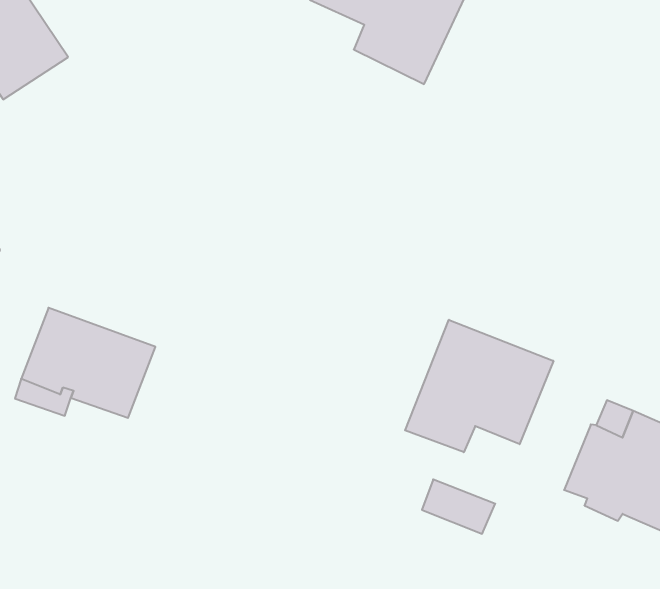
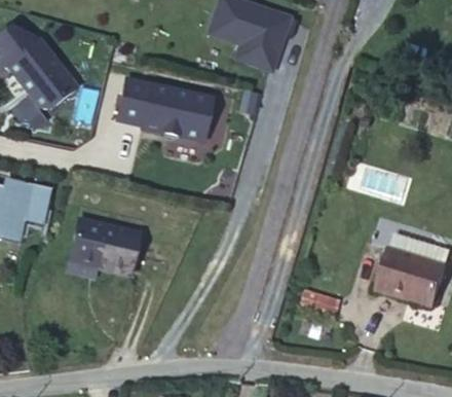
building: none -> [111,72,212,141]
building: [405,320,553,452] -> none

